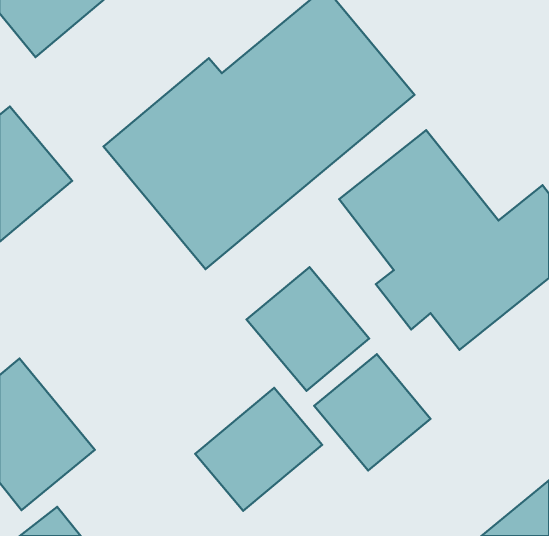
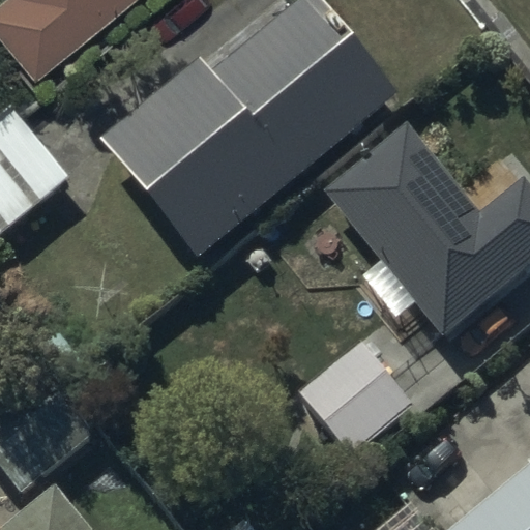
building: [247,267,369,391] -> none
building: [195,388,322,511] -> none

